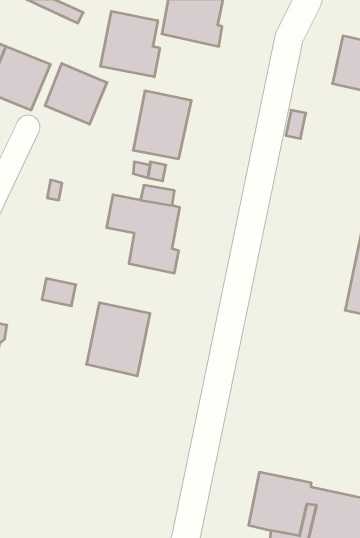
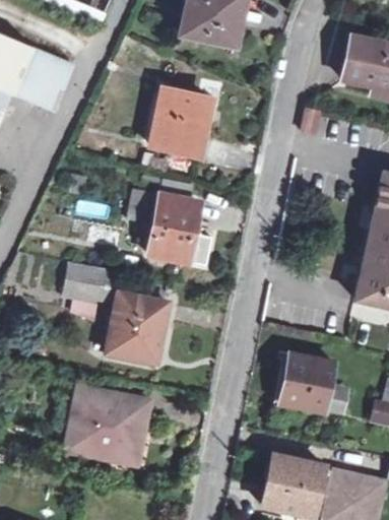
building: [101,11,160,77] -> none
building: [45,63,107,124] -> none
building: none -> [275,354,347,410]
building: none -> [67,386,151,458]

